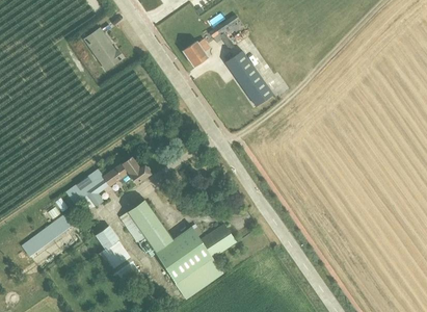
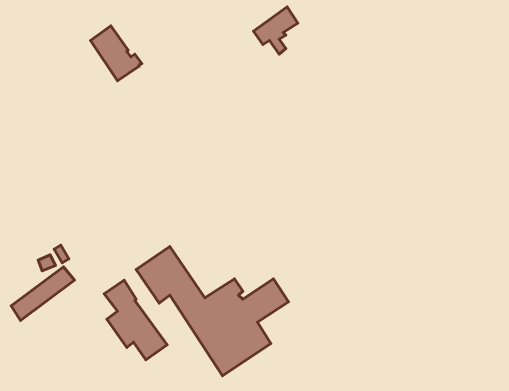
building: [182,37,210,67] -> none
building: [224,50,272,106] -> none
building: [65,157,151,211] -> none

